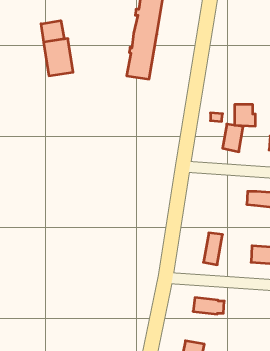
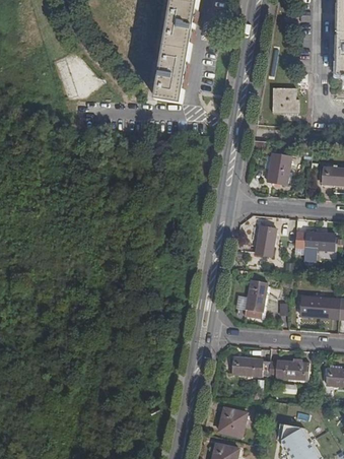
building: [41,21,64,42] -> none
building: [235,105,255,126] -> [272,87,296,113]
building: none -> [255,225,276,256]
building: none -> [268,360,308,379]

